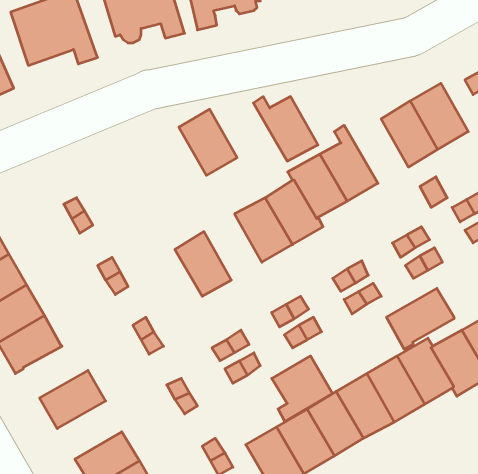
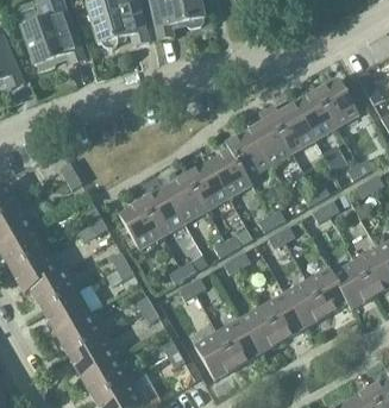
building: [253,97,318,161] -> [266,105,314,152]
building: [179,109,237,175] -> [163,175,206,224]
building: none -> [118,201,162,250]
building: [387,288,454,349] -> none
building: none -> [30,268,77,310]
building: [272,356,333,422] -> none
building: none -> [55,313,102,356]

